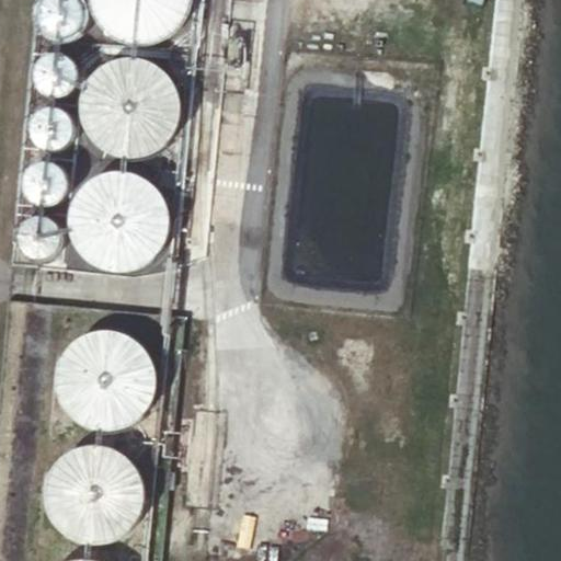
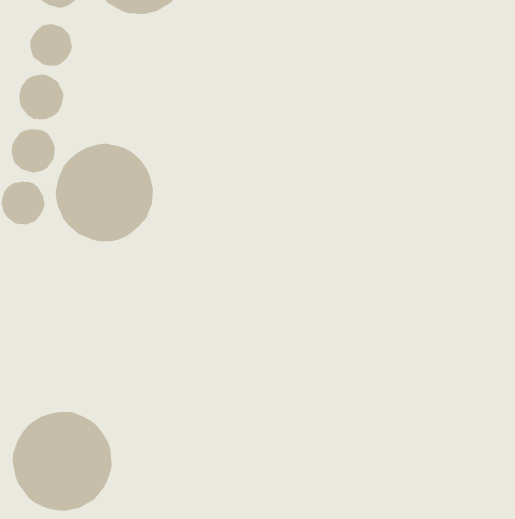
building: [81,58,179,156] -> none
building: [57,331,152,426] -> none

